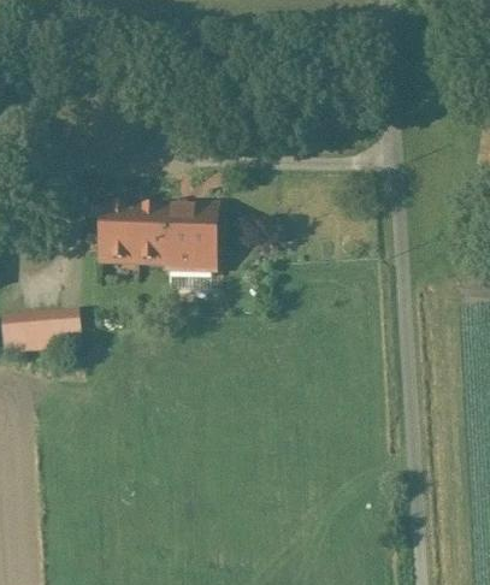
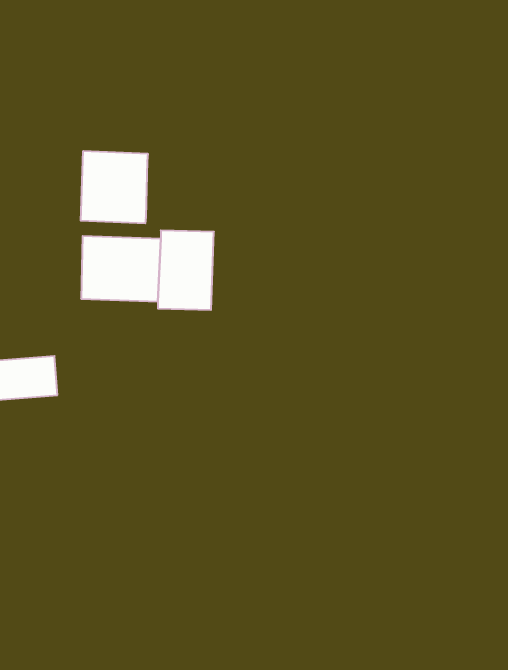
building: none -> [81,151,148,223]

